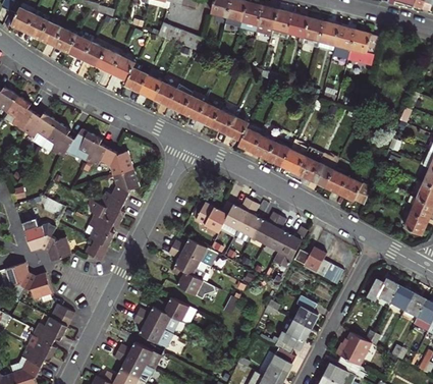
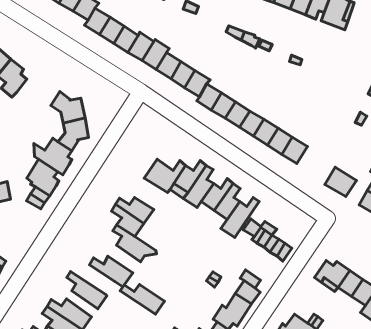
building: [66,129,107,168] -> none
building: [338,174,368,201] -> [325,167,356,196]
building: [136,309,178,335] -> [120,284,164,314]

